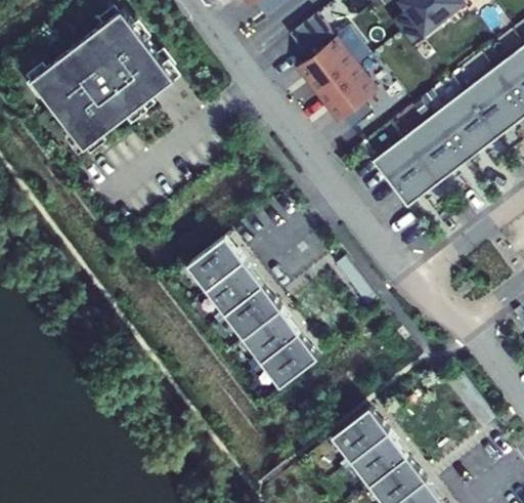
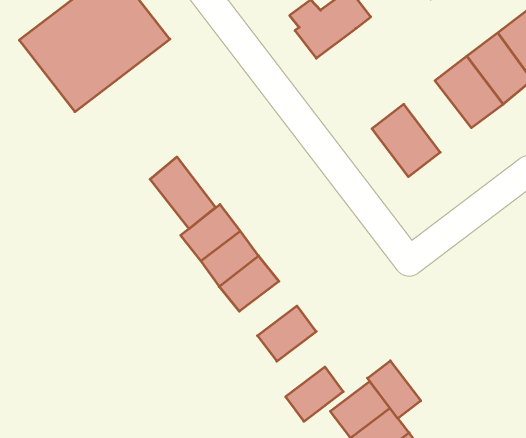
building: [315,68,374,131] -> none
building: [399,118,464,186] -> none
building: none -> [150,157,215,229]
building: [242,310,297,363] -> [286,367,343,421]
building: none -> [367,361,421,418]

